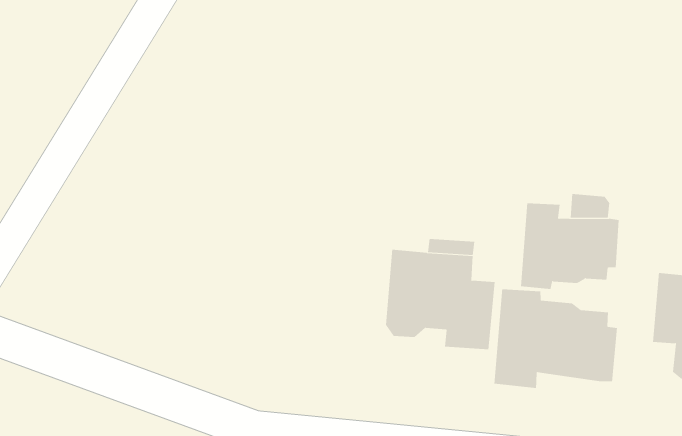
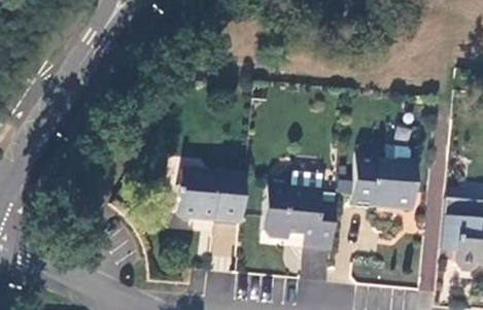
building: none -> [174,171,246,225]
building: [494,289,618,389] -> none

